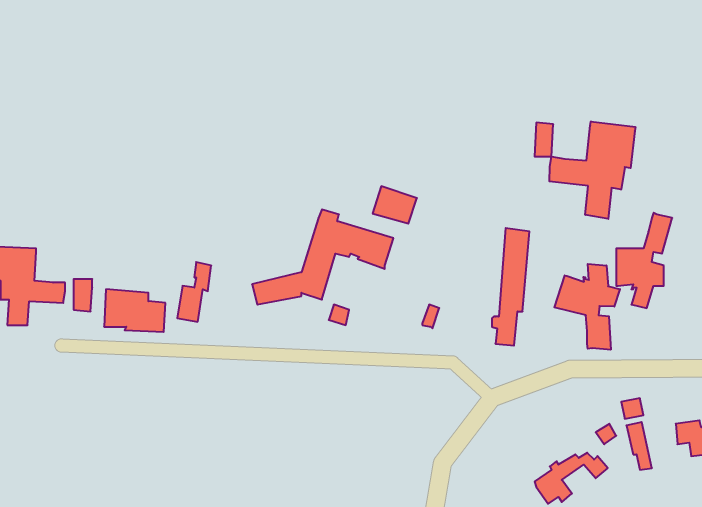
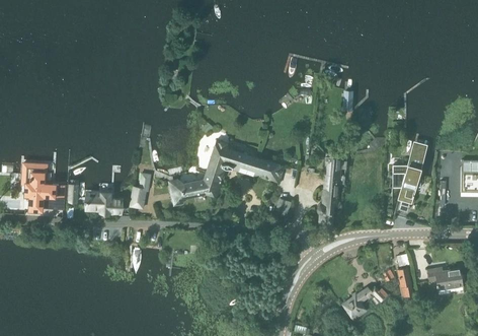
building: [549,121,635,219] -> none
building: [373,186,417,224] -> [254,158,281,181]
building: [554,264,620,350] -> none

